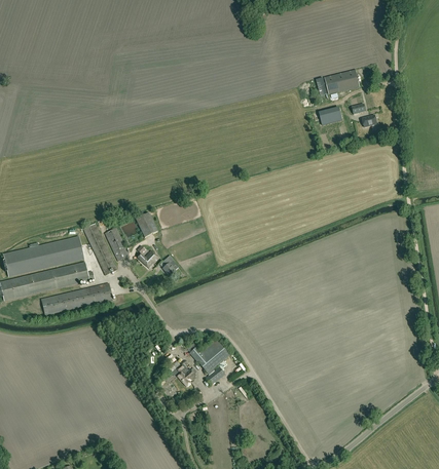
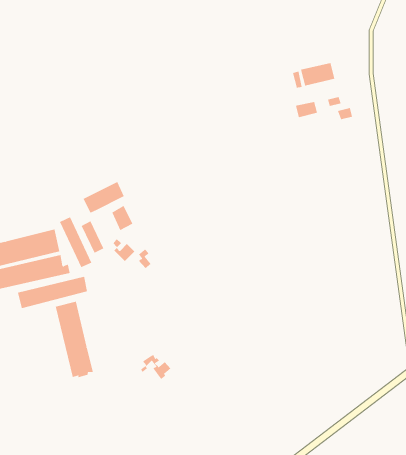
building: none -> [83,181,125,214]
building: none -> [55,301,93,378]
building: [190,337,230,384] -> none

